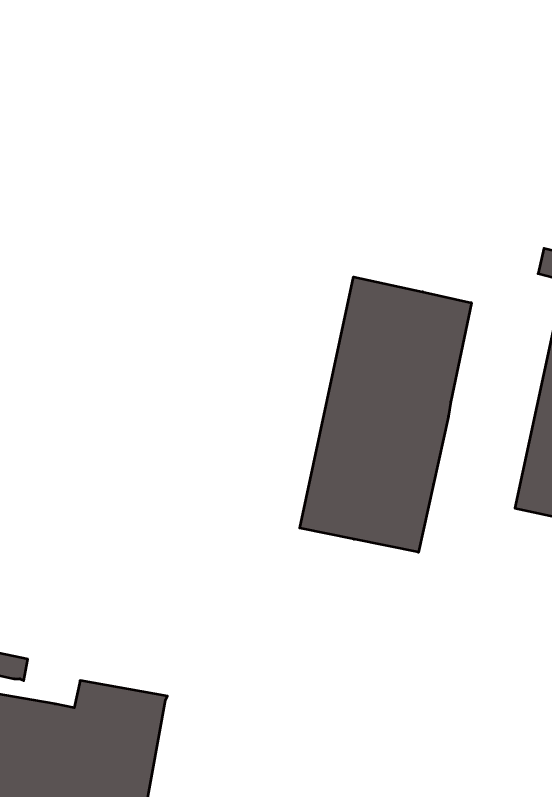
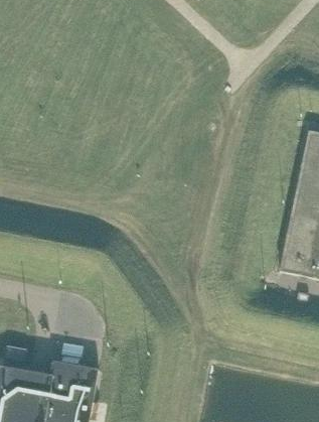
building: [300,277,471,552] -> none

